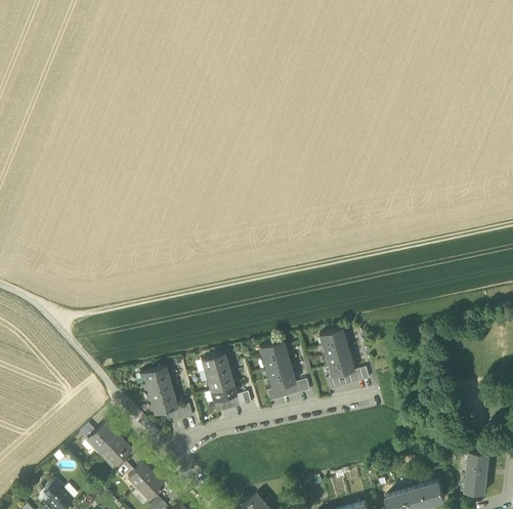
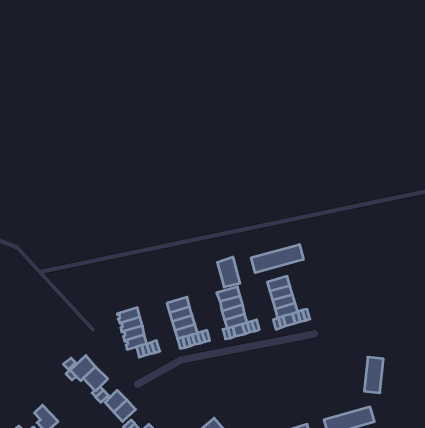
building: none -> [251,244,303,273]
building: none -> [217,257,240,287]
building: [465,452,487,494] -> [364,357,383,393]

